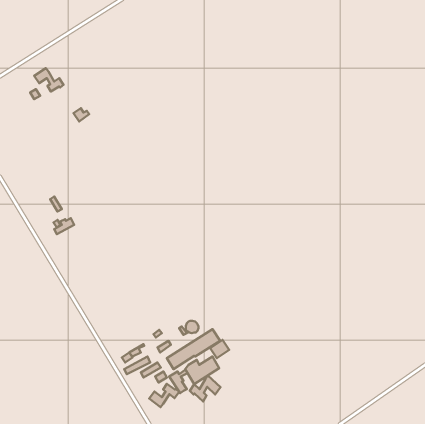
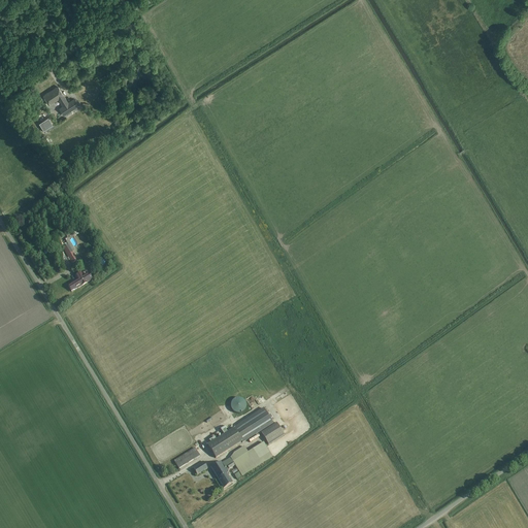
building: [190,376,220,401] -> none
building: [149,384,179,407] -> none

